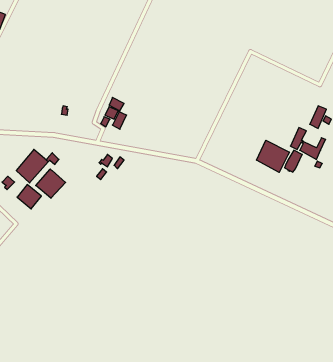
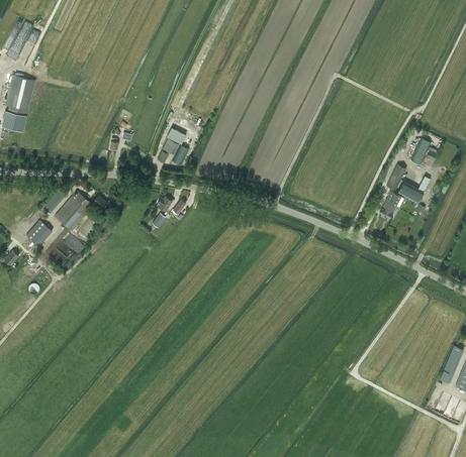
building: [257,140,289,172] -> none
building: [36,169,66,198] -> none

